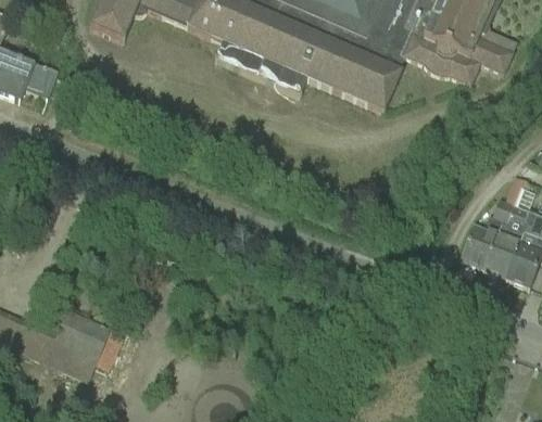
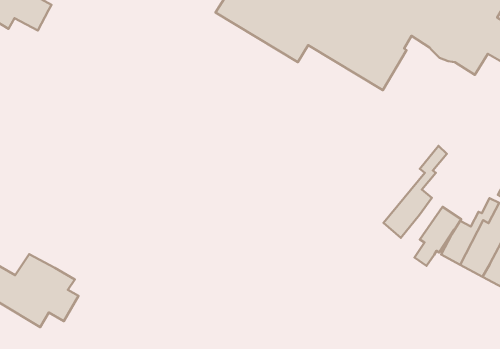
building: none -> [383,146,447,238]
building: none -> [414,207,461,266]

